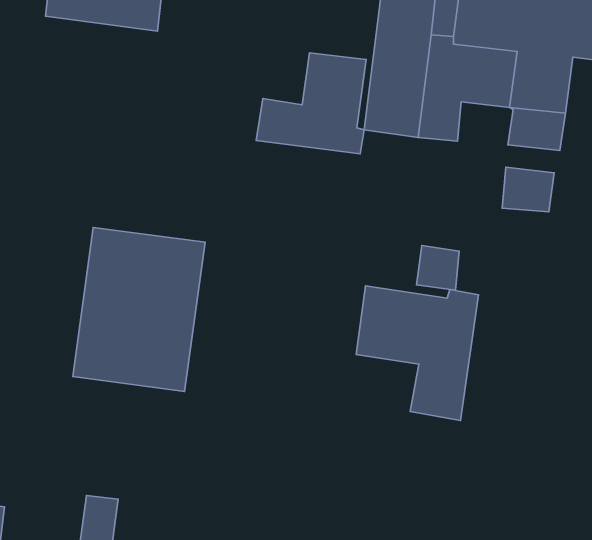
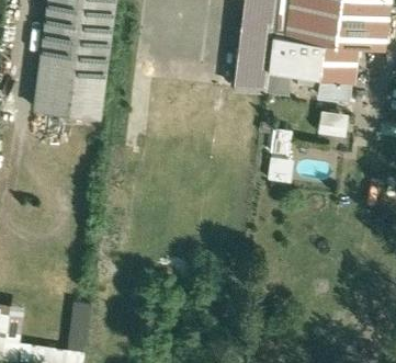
building: [256,53,366,154] -> none
building: [73,227,205,392] -> [34,20,112,116]
building: [356,286,478,420] -> none

